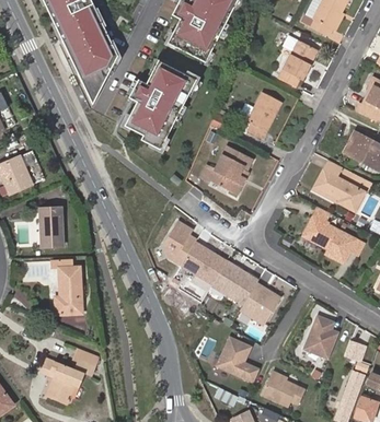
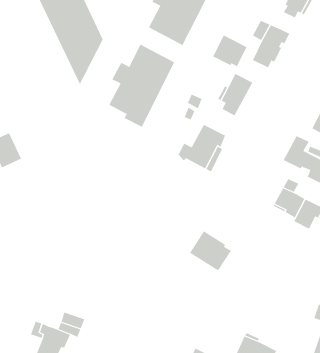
building: none -> [212,35,247,67]
building: [39,207,62,247] -> none
building: [162,220,227,285] -> none
building: [50,257,82,315] -> none
building: [240,283,280,326] -> none
building: [303,316,338,359] -> none
building: [217,337,260,383] -> none

